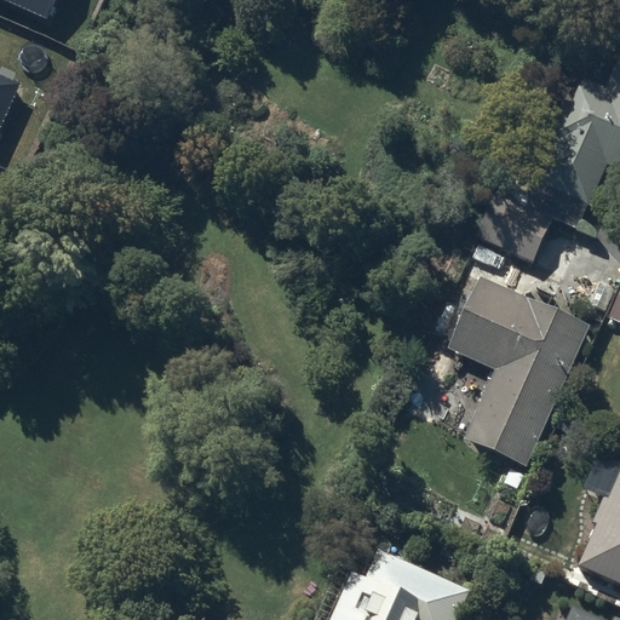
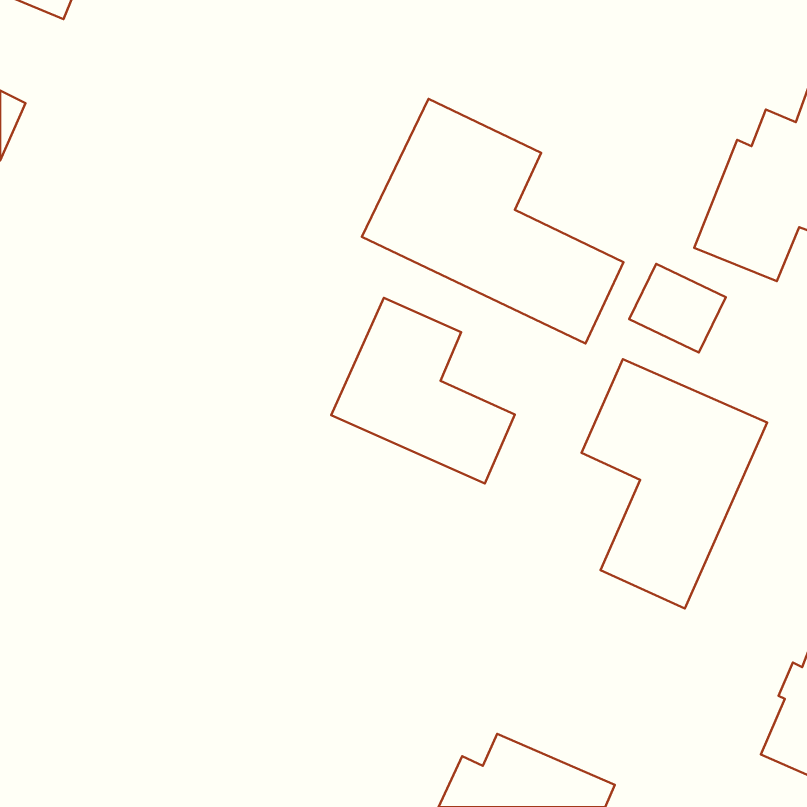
building: none -> [362,99,623,343]
building: none -> [331,298,515,483]

